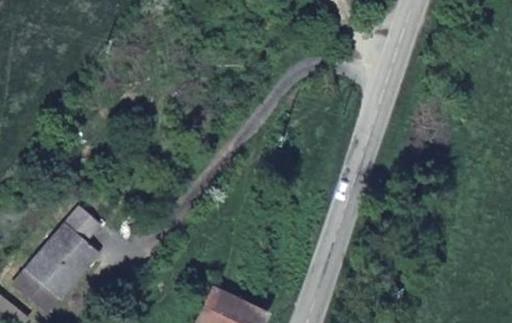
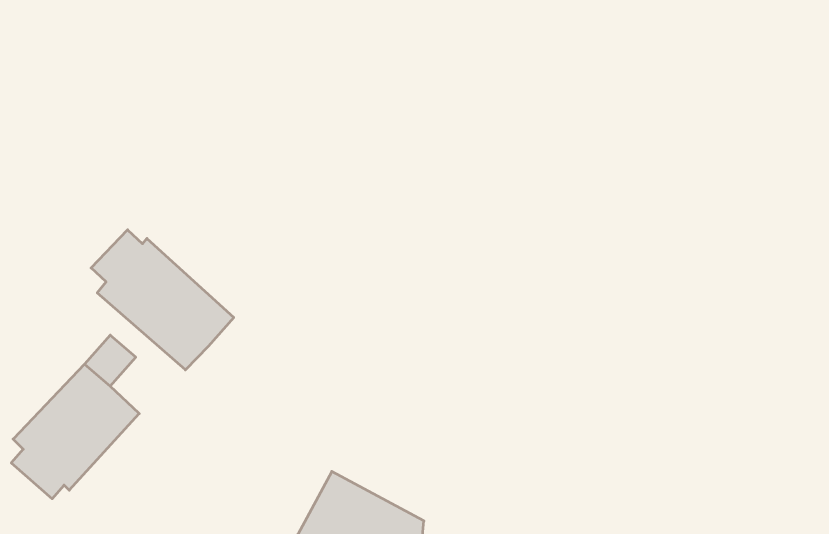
building: none -> [91,230,234,370]

